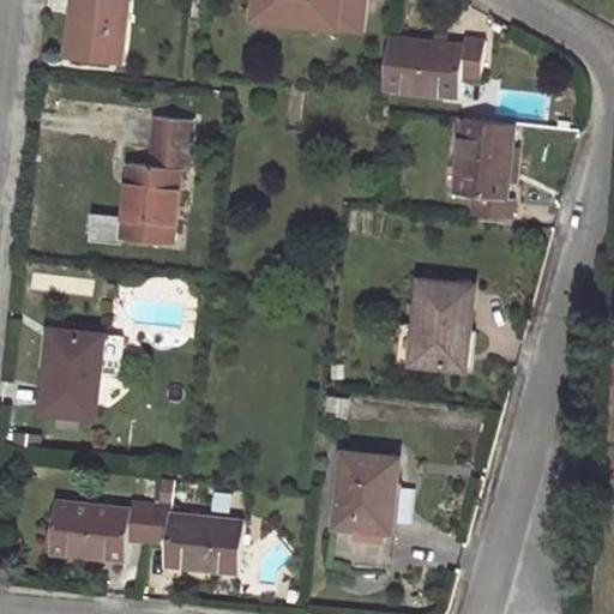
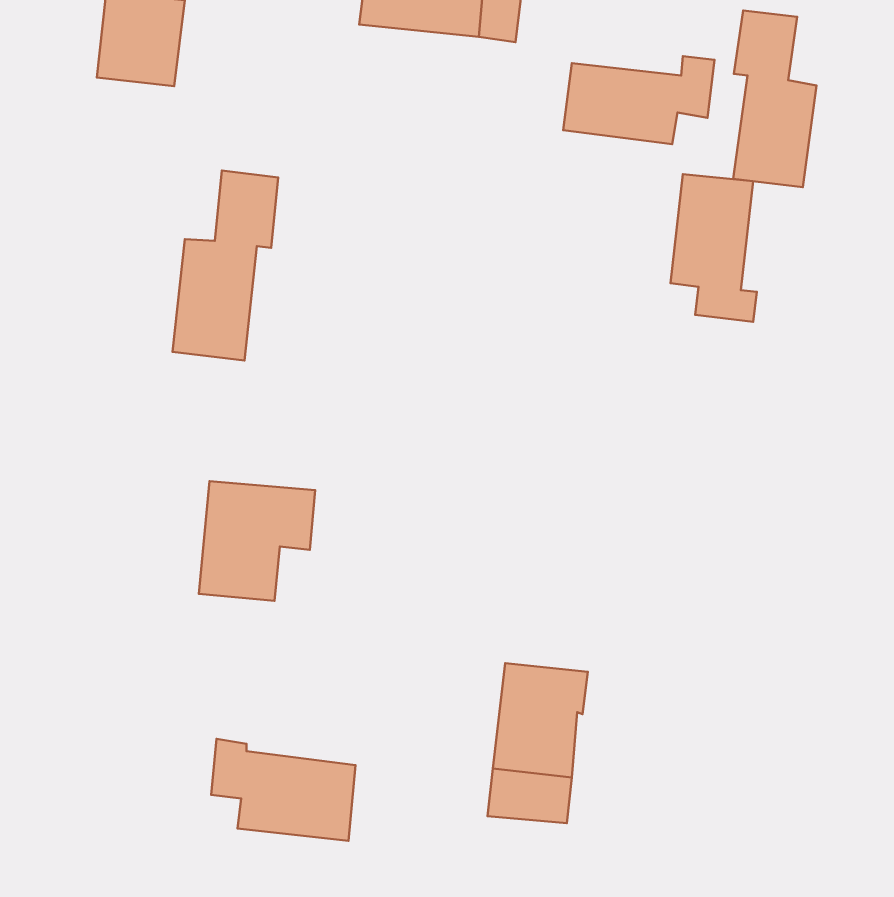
building: none -> [733,10,816,187]
building: [393,282,470,369] -> none
building: [37,338,116,420] -> [199,481,315,601]
building: [47,500,148,560] -> none

